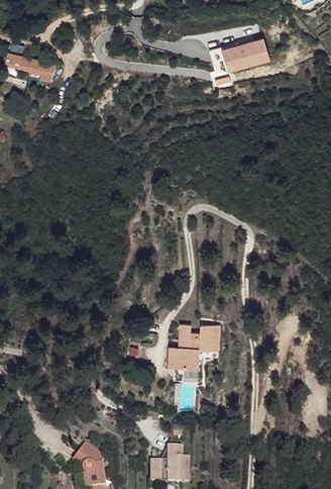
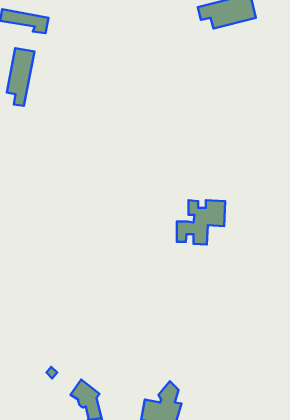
building: none -> [7,48,34,106]
building: [169,326,219,373] -> [177,200,225,245]

